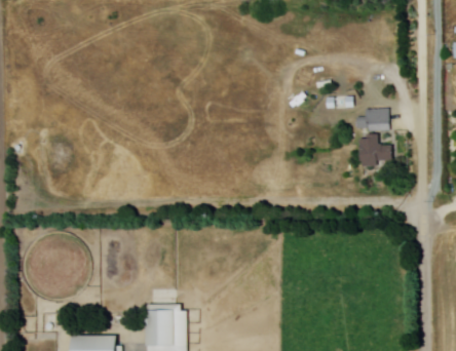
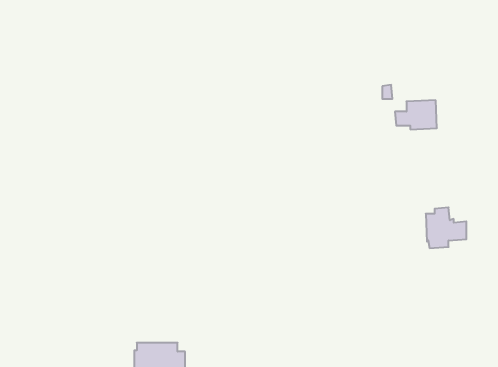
building: [358,134,391,167] -> [426,207,466,248]

